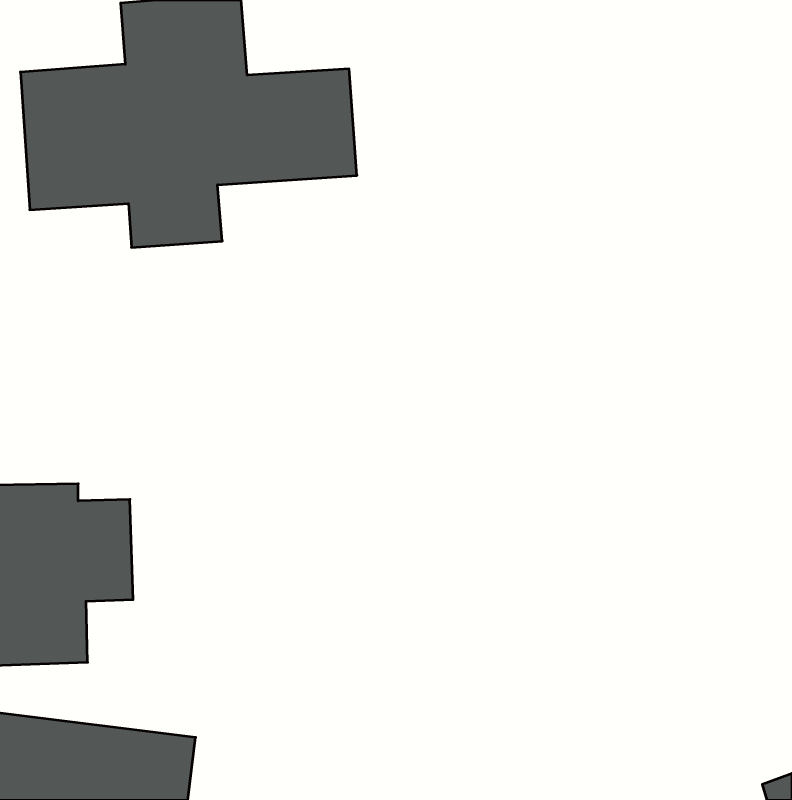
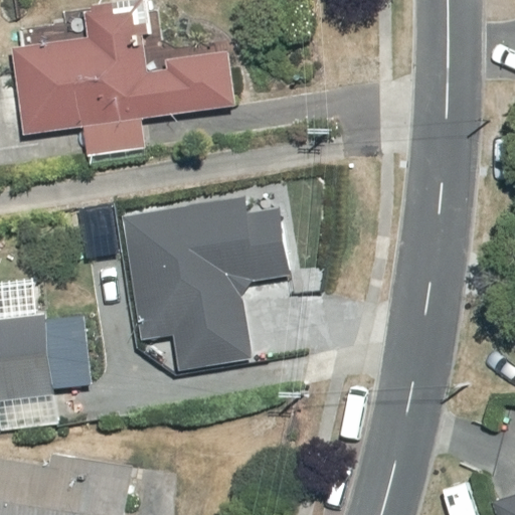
building: none -> [122,195,292,370]

